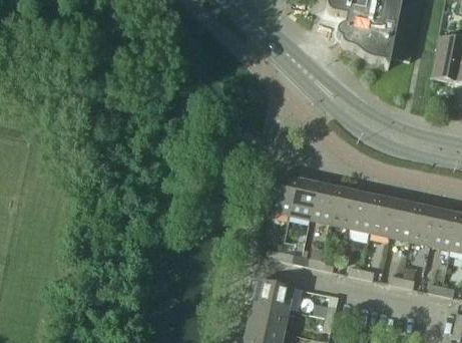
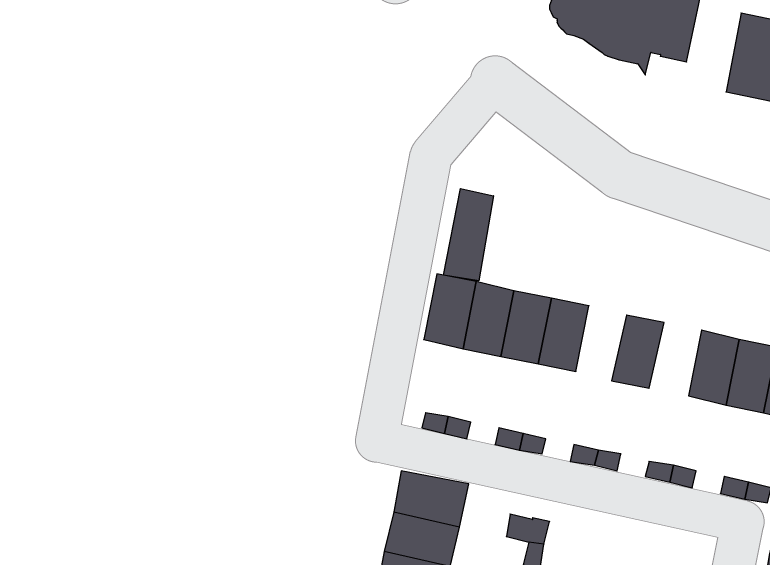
building: none -> [444,189,493,281]
building: [351,191,378,231] -> none
building: [390,200,418,239] -> none

